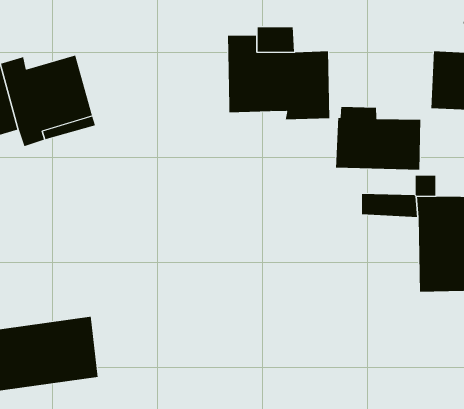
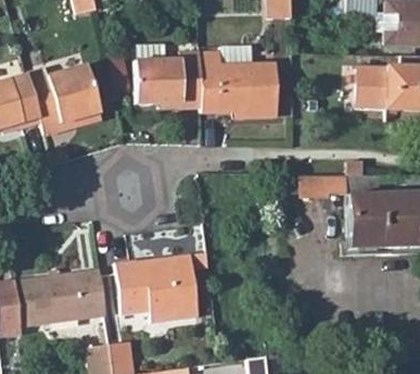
building: none -> [138,52,203,109]
building: [336,106,421,170] -> none
building: none -> [113,252,199,321]

